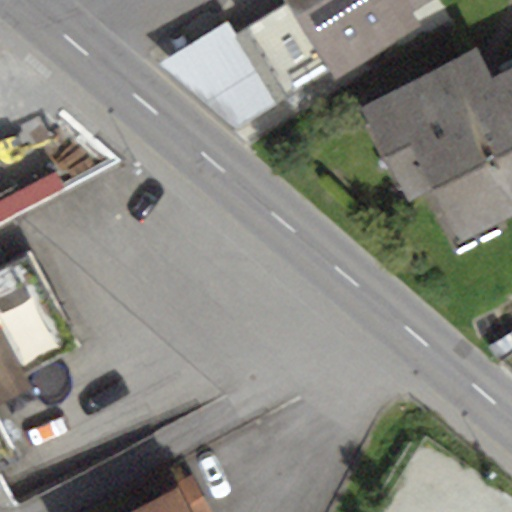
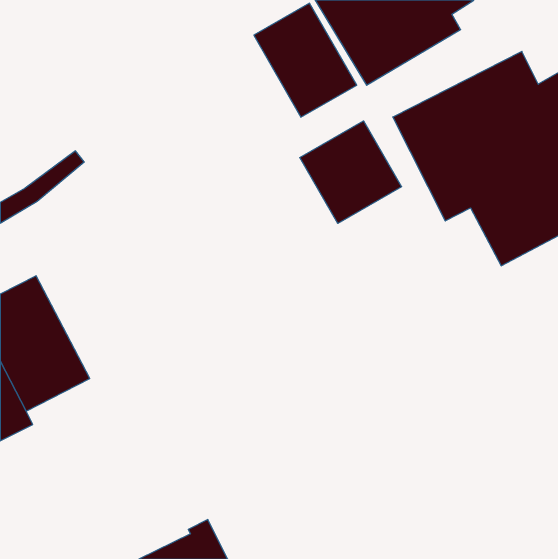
building: [157,19,276,131] -> none
building: none -> [300,121,402,223]

